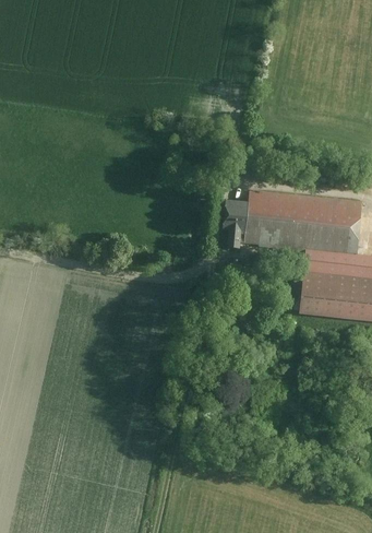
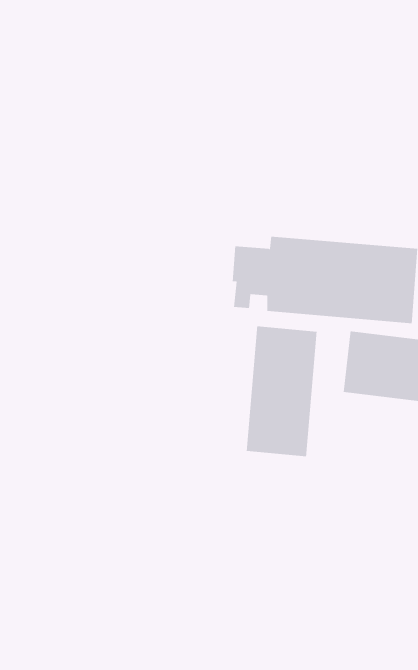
building: none -> [246,326,317,457]

